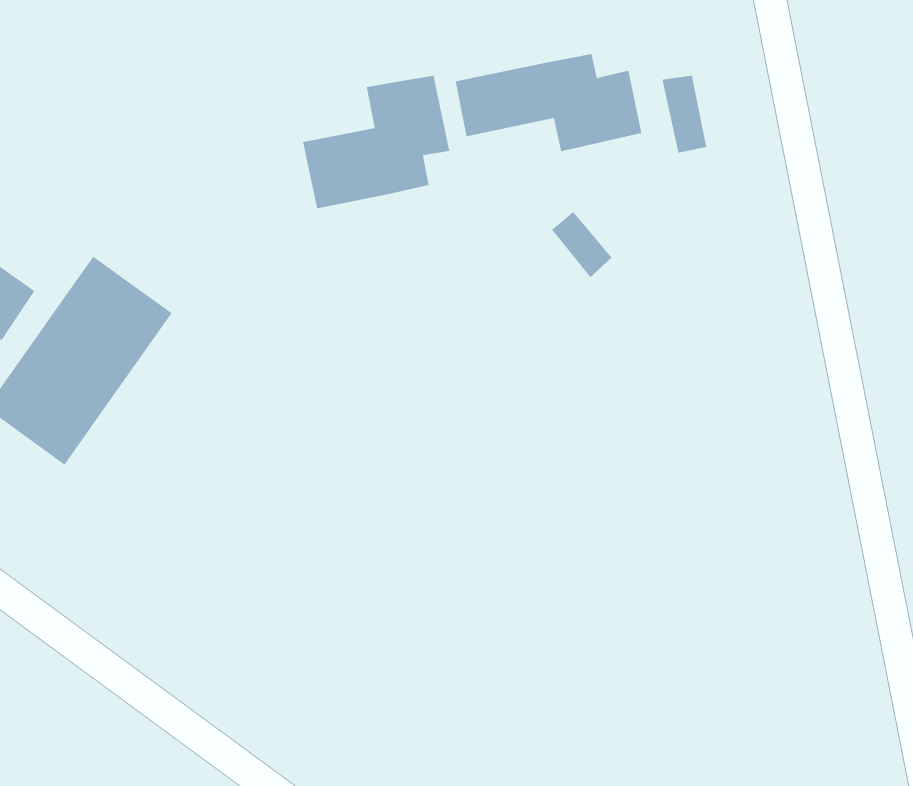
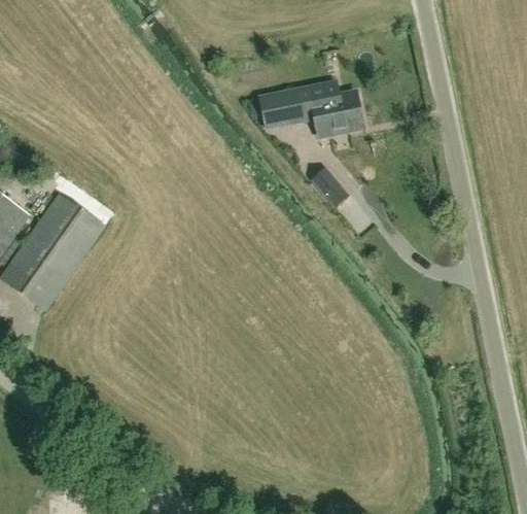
building: [662,75,707,154] -> none
building: [303,75,450,209] -> none

